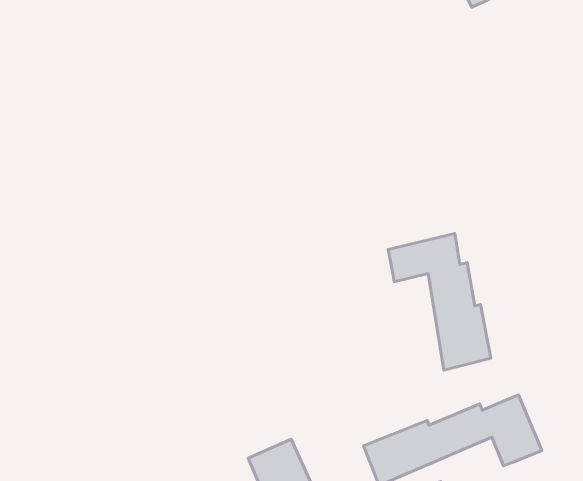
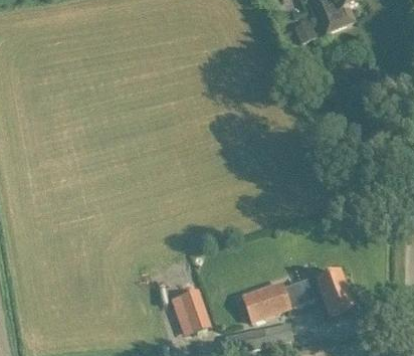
building: [388,233,491,370] -> none

